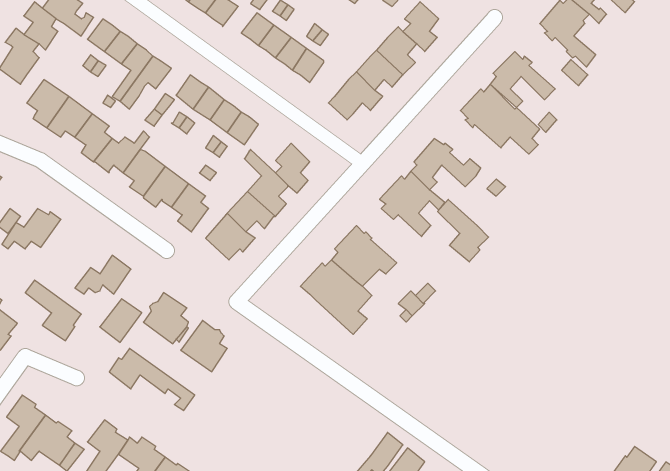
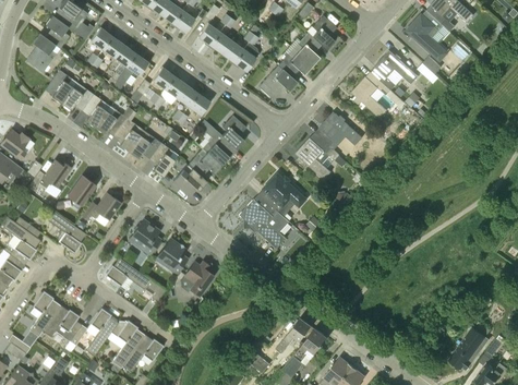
building: [438,199,489,262] -> none
building: [100,299,142,342] -> [67,176,96,206]
building: none -> [184,261,214,297]

